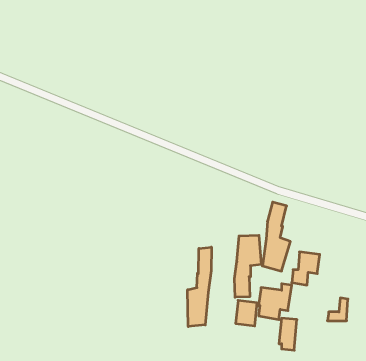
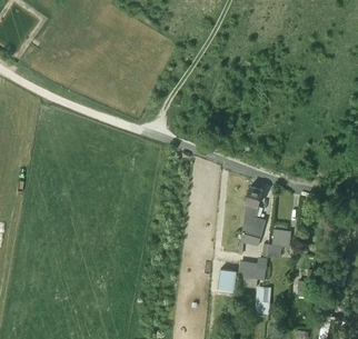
building: [234,235,261,297] -> none
building: [188,247,211,327] -> none

